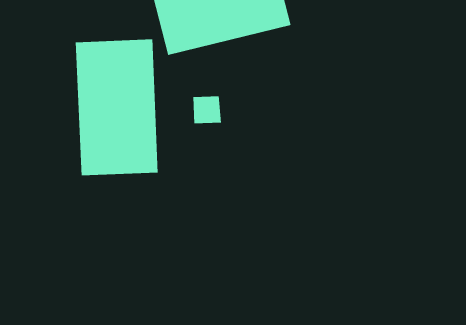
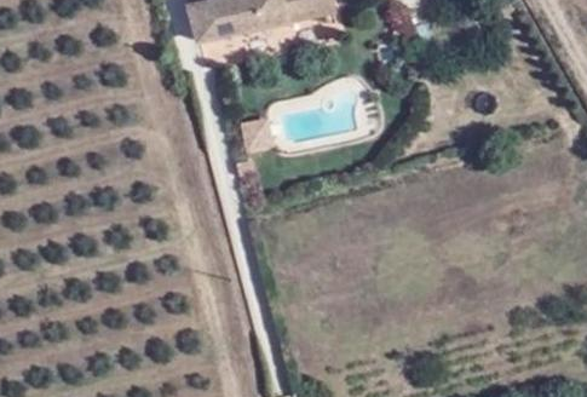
building: [75,38,158,176] -> none

